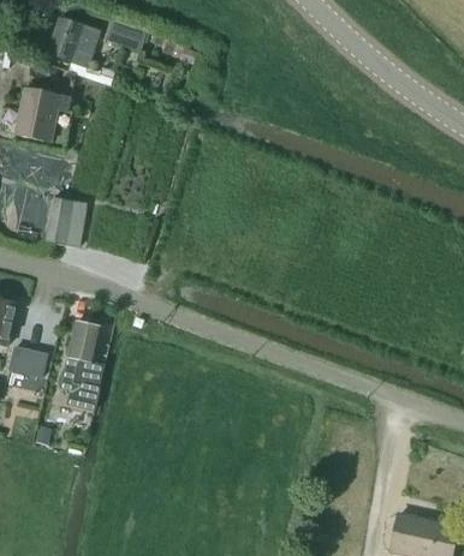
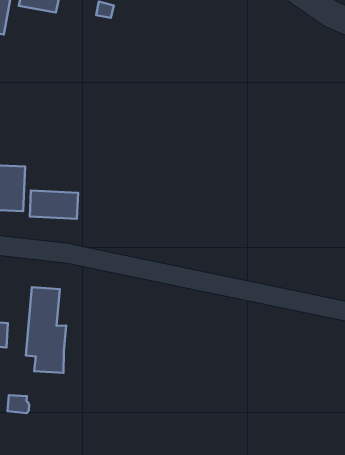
building: none -> [30,191,78,219]

